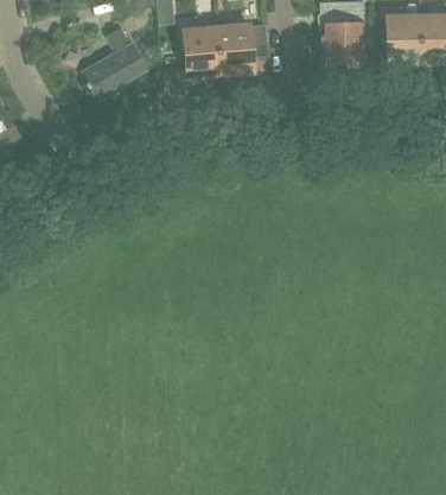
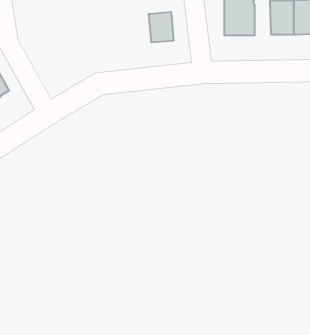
building: [83,27,146,99] -> none
building: [184,33,219,76] -> none

